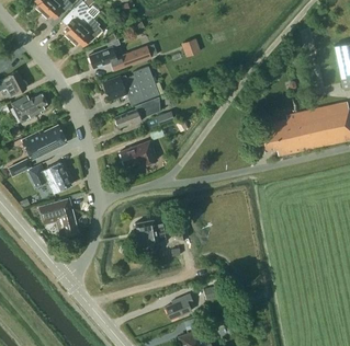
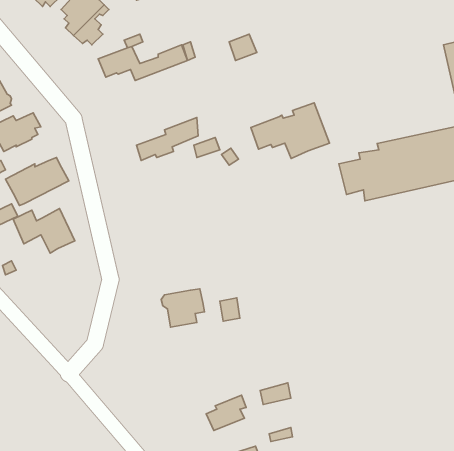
building: [103,66,159,105] -> [251,103,330,158]
building: [120,139,157,165] -> none
building: [39,198,77,235] -> none

